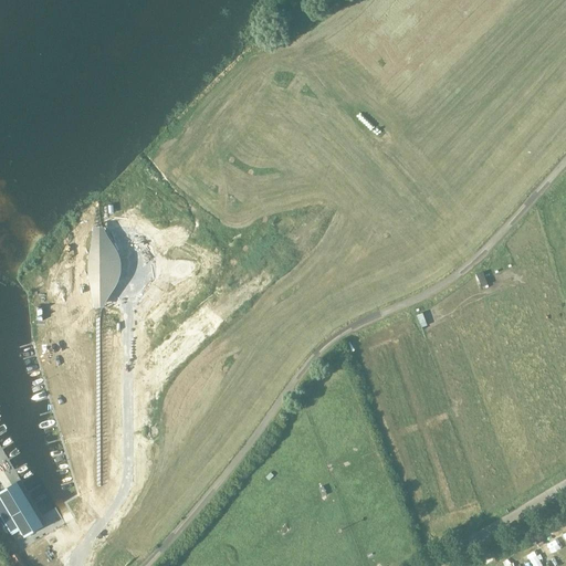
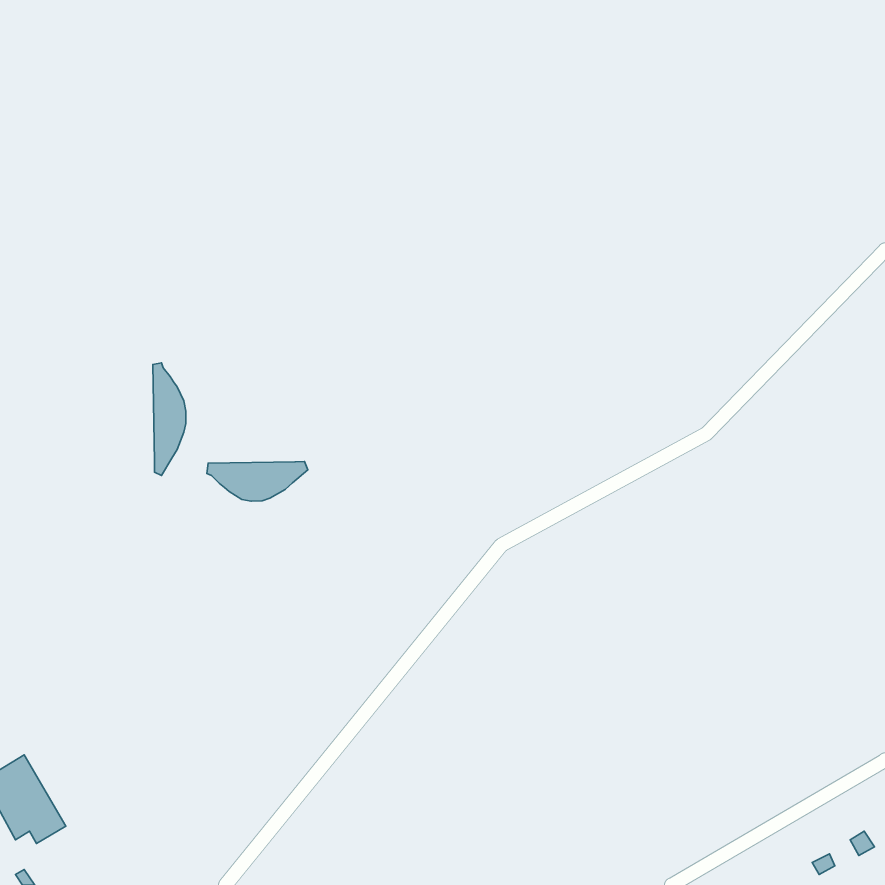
building: none -> [207,462,308,501]

